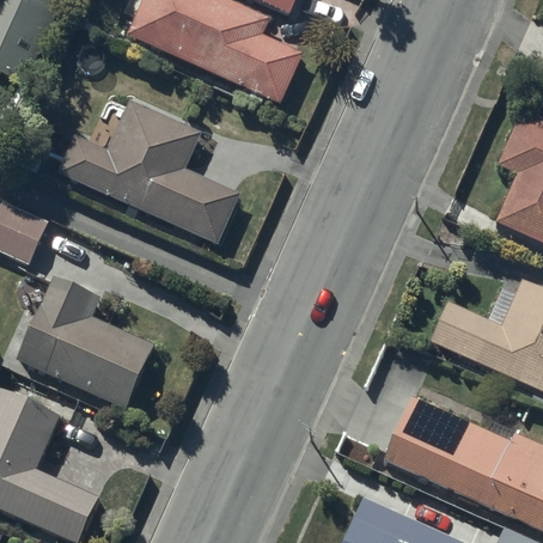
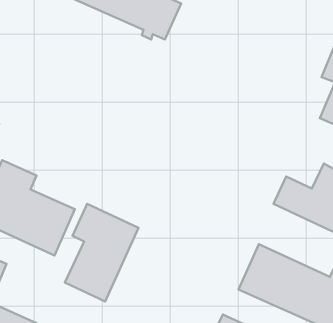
building: [59,104,249,255] -> none
building: none -> [65,204,139,302]

